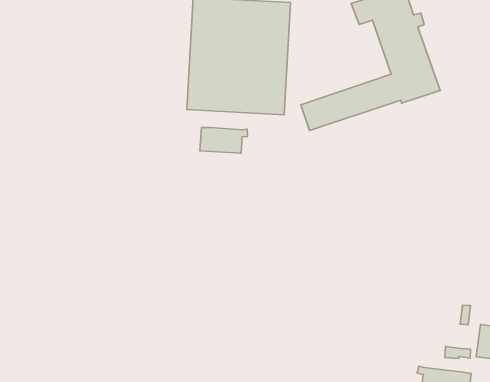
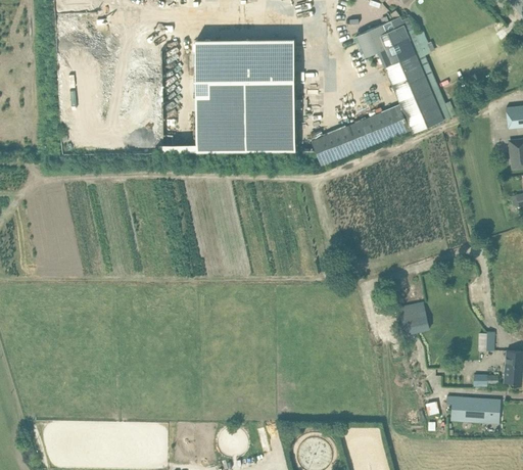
building: [200,127,247,153] -> none
building: none -> [397,301,428,334]

